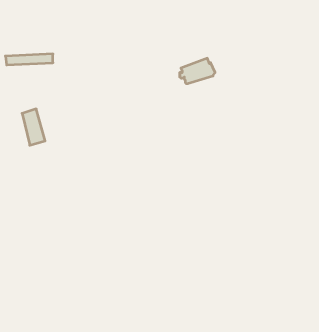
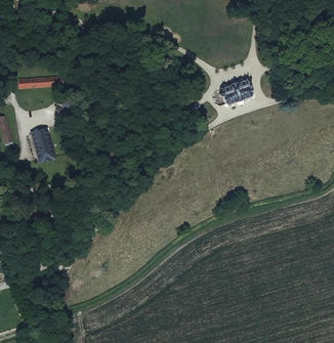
building: [180,58,215,84] -> [218,82,251,105]

